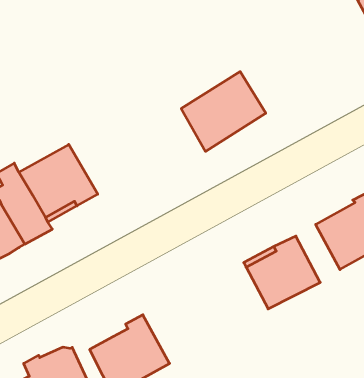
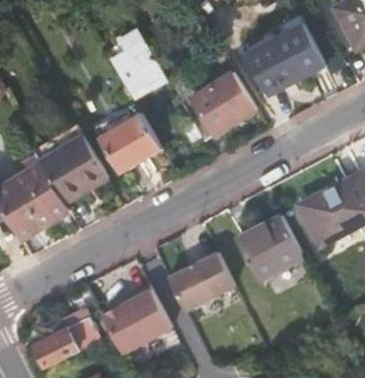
building: none -> [245,24,325,96]
building: none -> [114,33,166,98]
building: none -> [100,112,162,171]
building: none -> [167,252,234,310]

